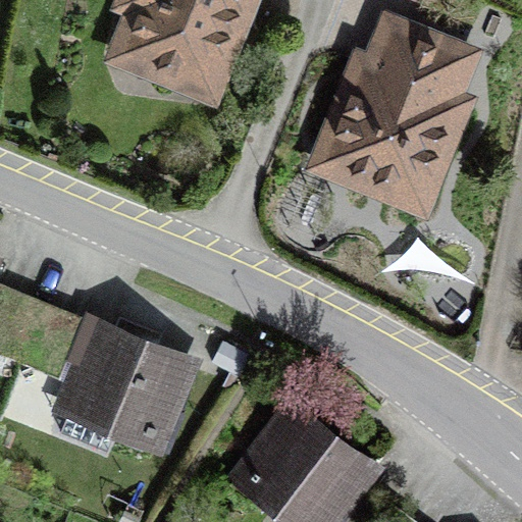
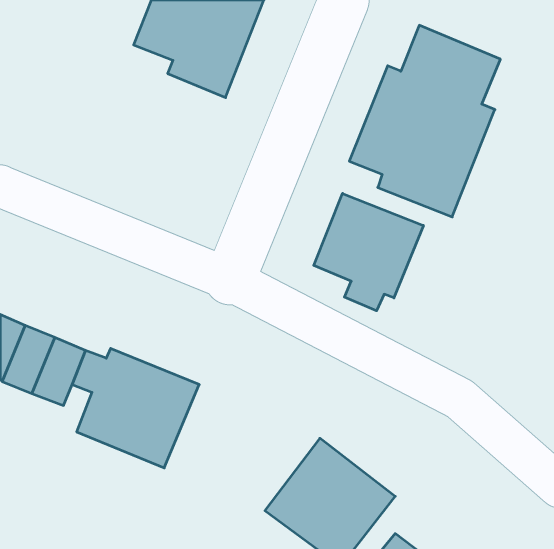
building: none -> [314,193,423,311]

